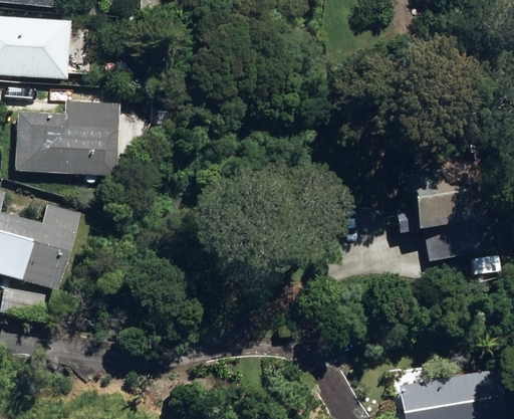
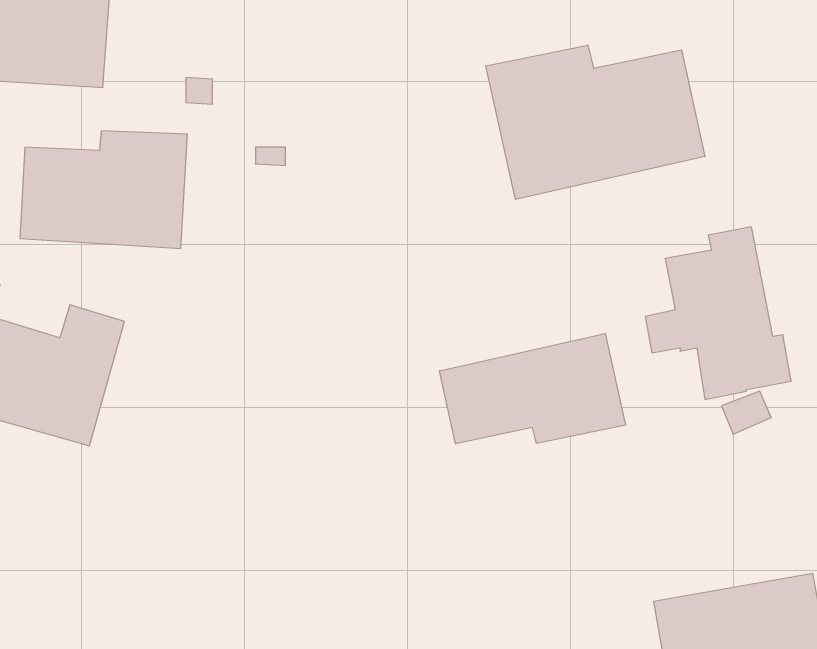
building: none -> [486,45,705,199]
building: none -> [440,333,625,444]

